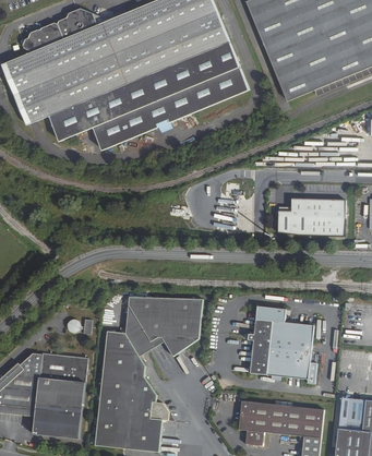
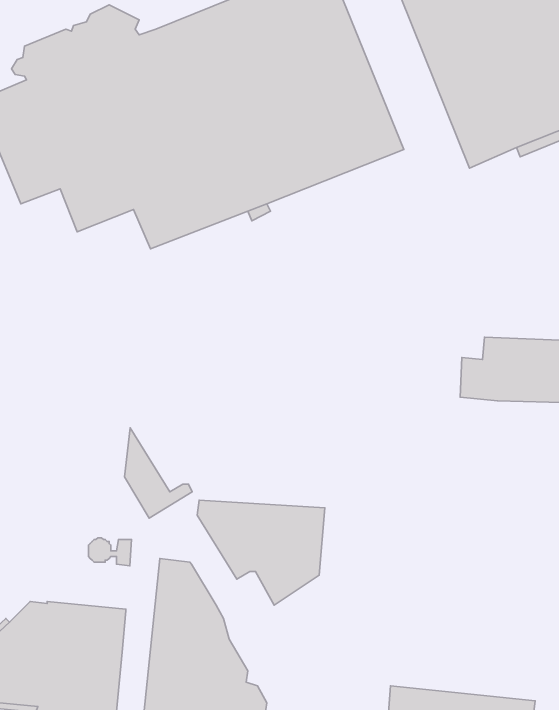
building: [124,302,164,355] -> [125,428,192,518]
building: [247,305,316,383] -> none

